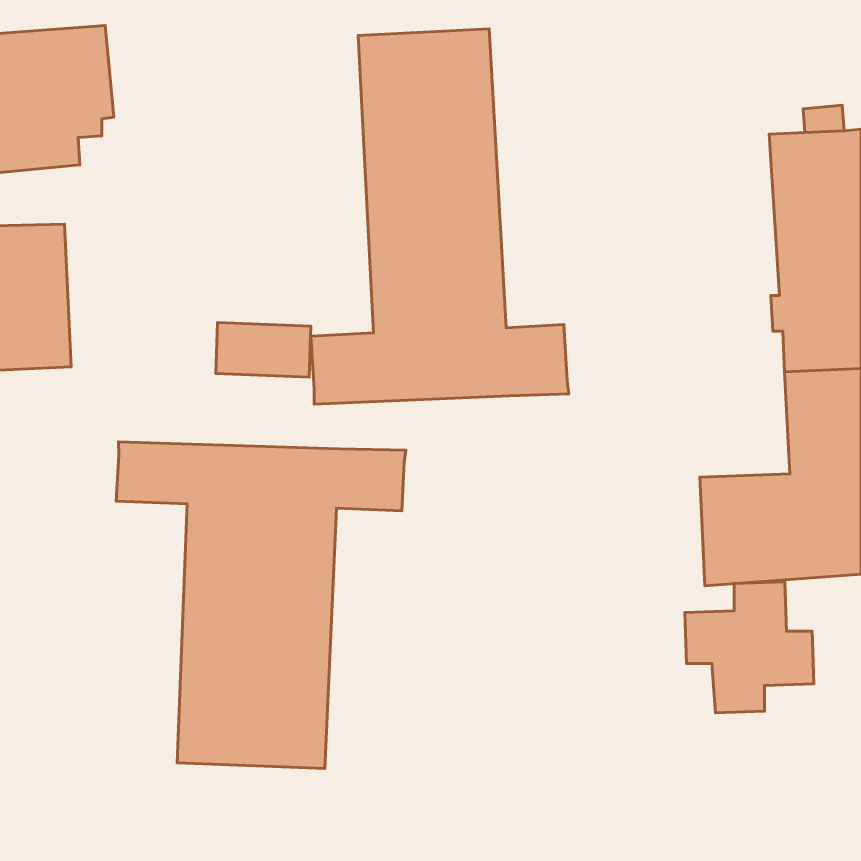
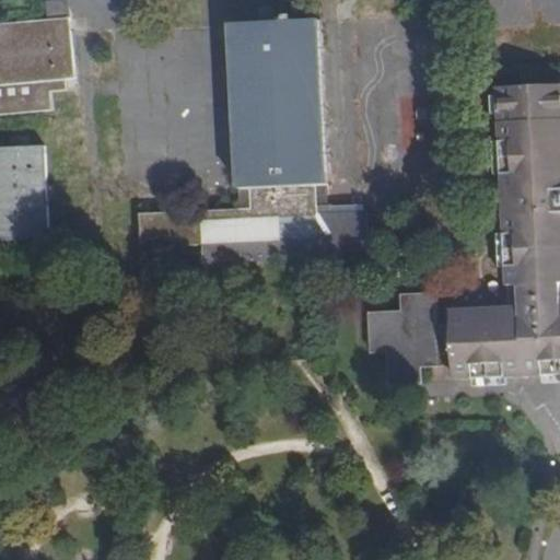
building: [116,442,406,768] -> none
building: [685,582,814,713] -> [368,295,451,380]

